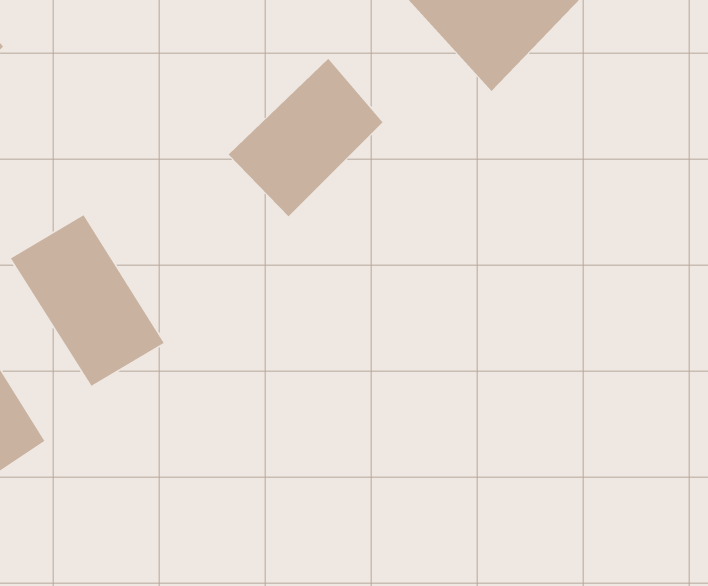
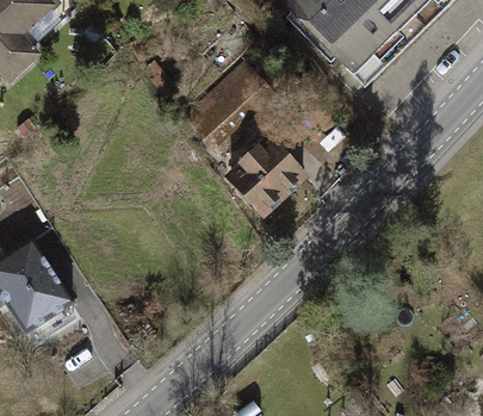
building: none -> [217,135,305,223]
building: [10,214,165,387] -> none

